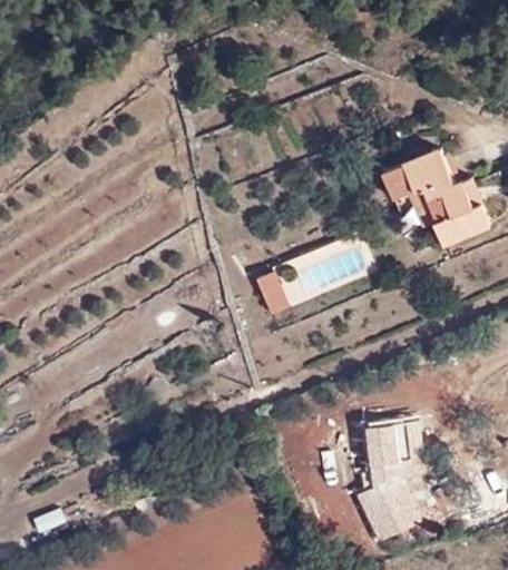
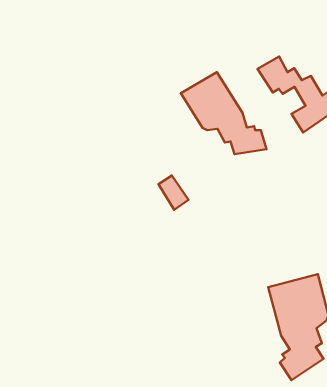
building: none -> [181,72,267,154]

